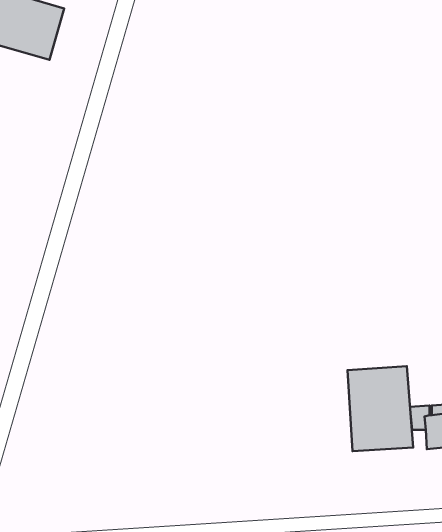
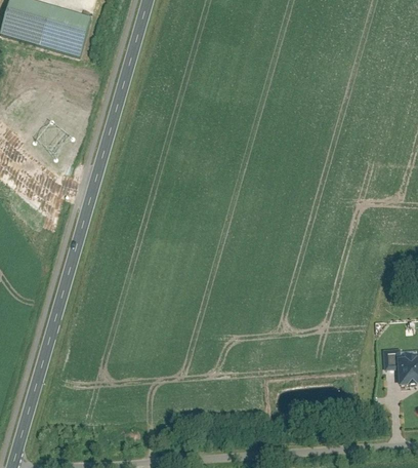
building: [348,366,413,451] -> none

